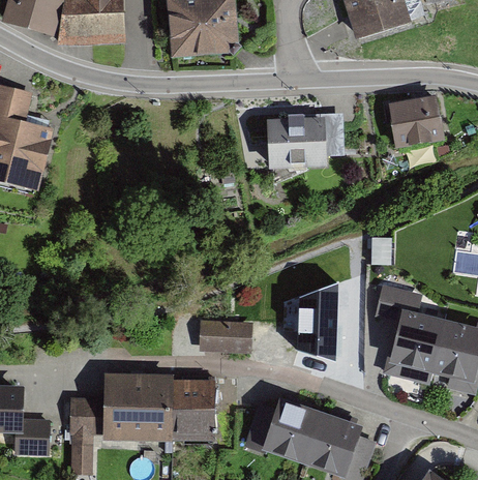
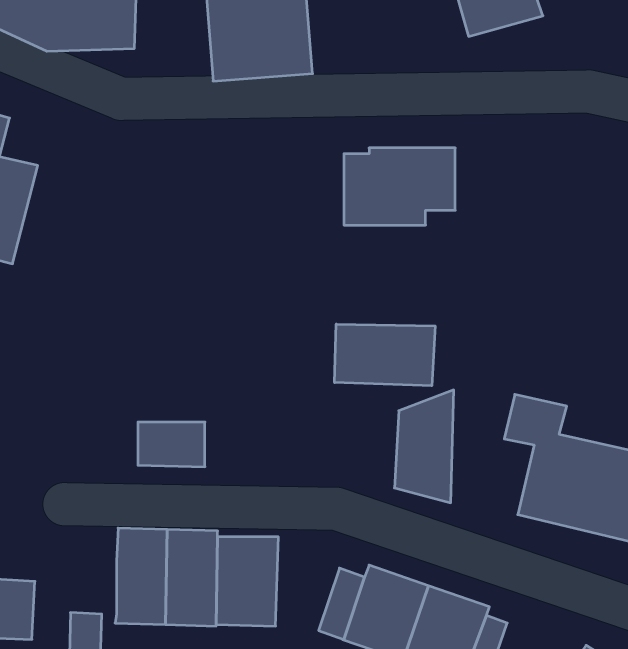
building: [389,97,446,151] -> none
building: none -> [335,324,435,386]
building: [203,317,249,348] -> [138,422,205,467]
building: [70,397,104,434] -> none

